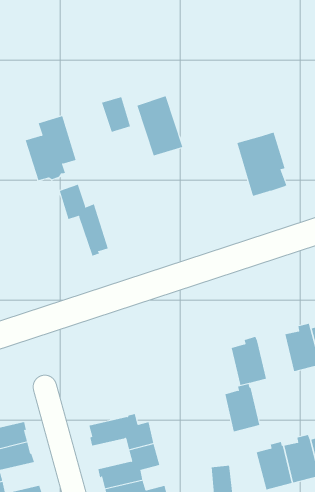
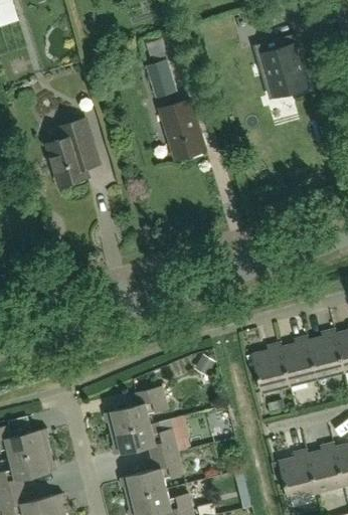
building: [101,97,131,132] -> [146,60,176,97]
building: [236,132,287,196] -> [257,33,309,99]
building: [59,184,109,257] -> none
building: none -> [104,386,167,433]
building: [224,383,260,432] -> [282,336,318,385]

